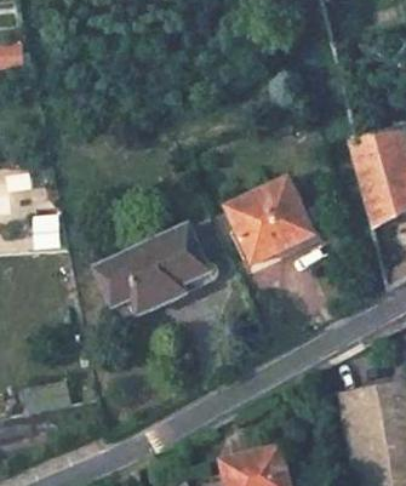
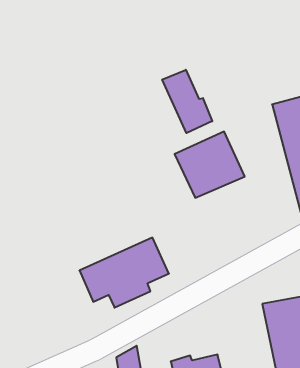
building: none -> [162,70,212,133]
building: [98,225,210,313] -> [79,238,169,308]

